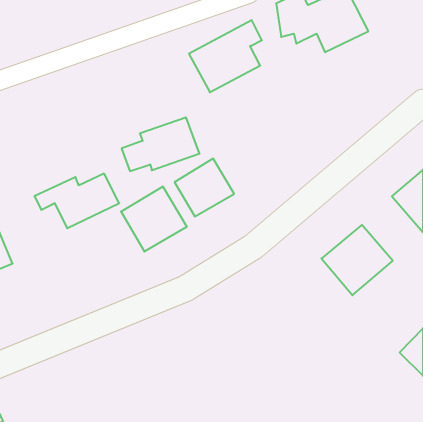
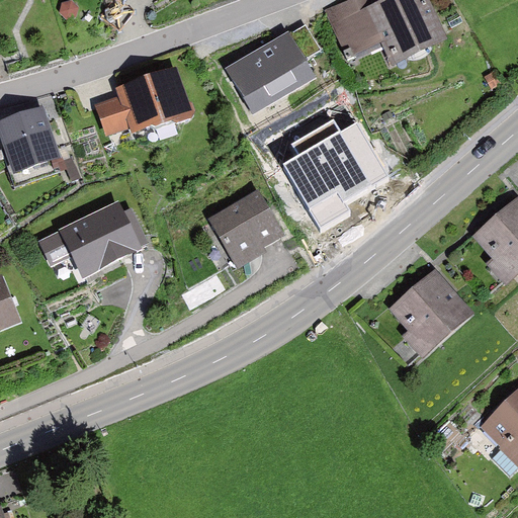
building: none -> [10,95,67,163]
building: none -> [276,115,382,221]
building: [122,117,200,171] -> [96,69,190,134]
building: [121,186,187,252] -> none

